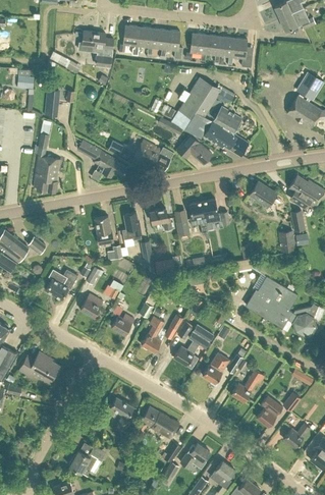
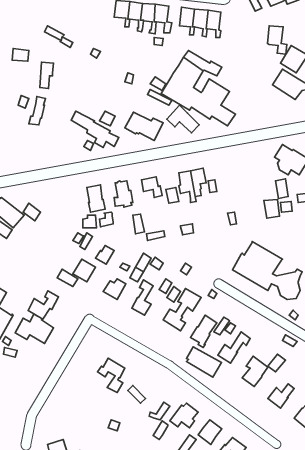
building: [75,31,113,67] -> none
building: [231,37,252,66] -> [267,26,287,54]
building: [34,156,60,191] -> none
building: [250,180,276,208] -> none
building: [46,269,77,298] -> [28,291,59,319]
building: [143,406,179,438] -> [186,347,222,377]
building: [69,448,104,476] -> none

